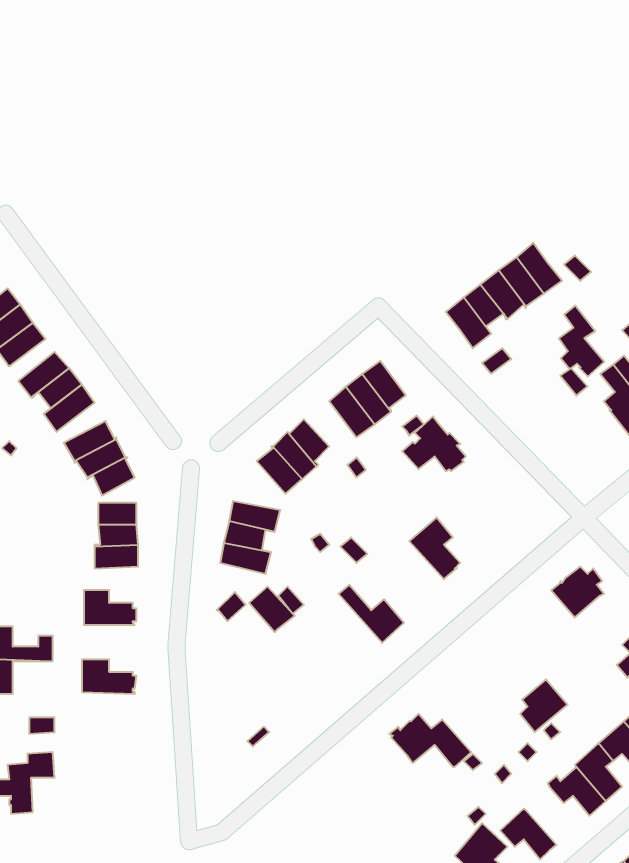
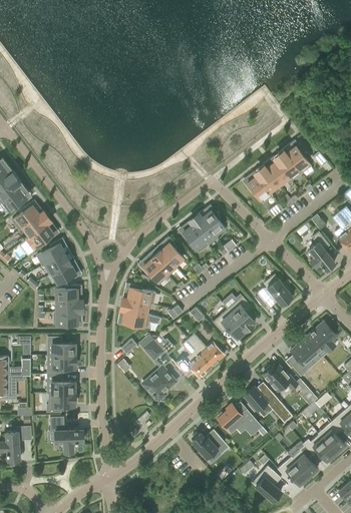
building: [559,306,604,376] -> [310,231,335,271]
building: [402,416,466,471] -> [258,275,293,305]
building: none -> [214,310,247,338]
building: none -> [291,337,319,376]
building: none -> [183,339,213,377]
building: none -> [47,356,76,375]
building: none -> [264,365,298,391]
building: none -> [145,366,177,400]
building: none -> [245,387,293,423]
building: none -> [47,393,76,412]
building: none -> [50,417,83,450]
building: none -> [192,429,230,458]
building: none -> [292,445,318,477]

